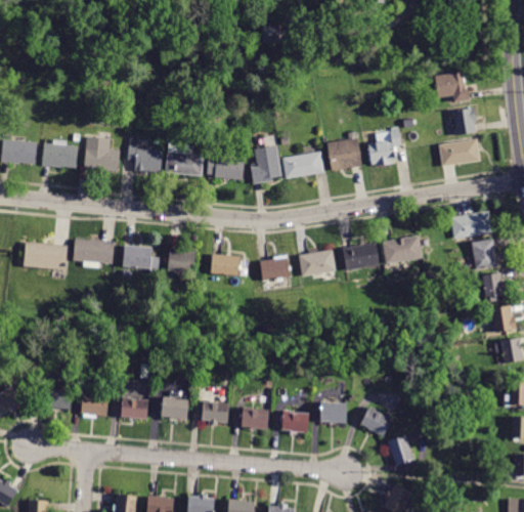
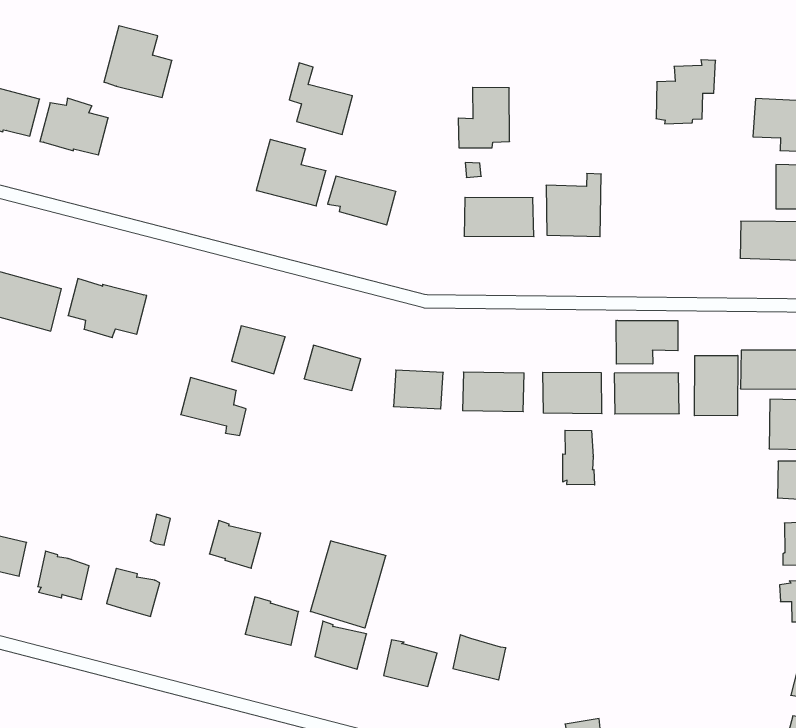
building: [367,127,400,167] -> [656,60,716,124]
building: [84,136,120,172] -> [104,26,172,97]
building: [128,138,163,174] -> [289,63,352,134]
building: [250,146,280,184] -> [458,87,510,148]
building: none -> [616,320,678,364]
building: none -> [695,355,738,416]
building: [123,245,159,272] -> [181,378,246,435]
building: none -> [563,430,595,485]
building: none -> [310,541,386,628]
building: [161,396,187,420] -> [209,521,261,568]
building: [360,407,391,436] -> none

